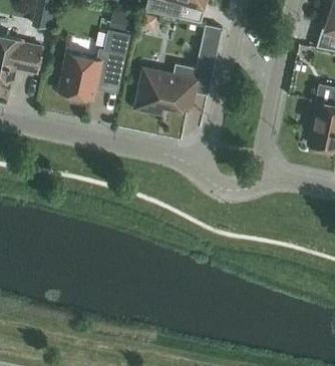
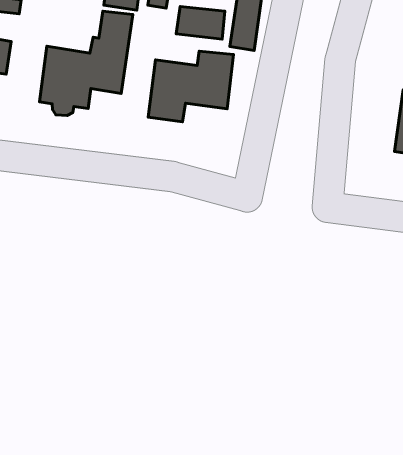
building: none -> [176,6,225,39]

